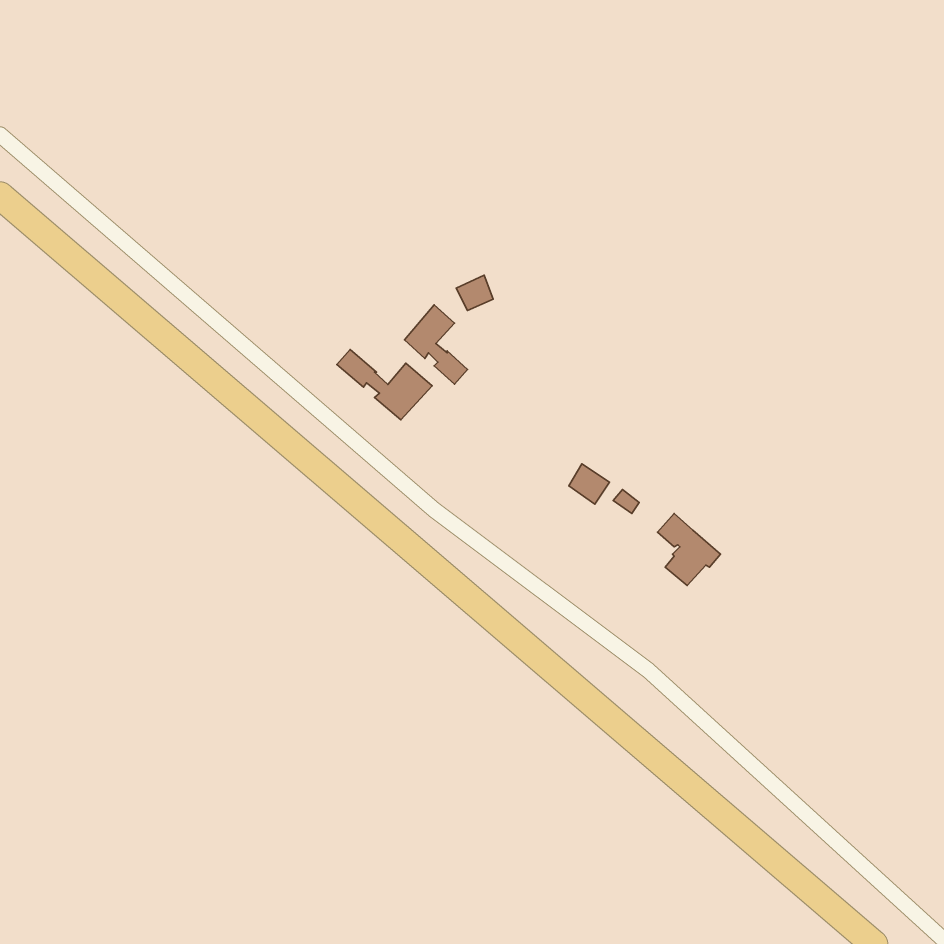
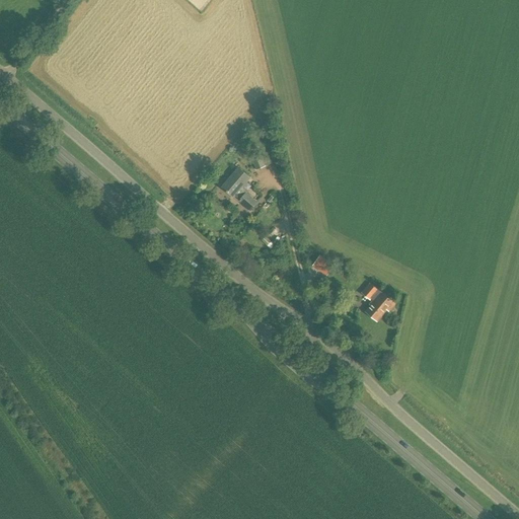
building: [337,350,432,420] -> none

